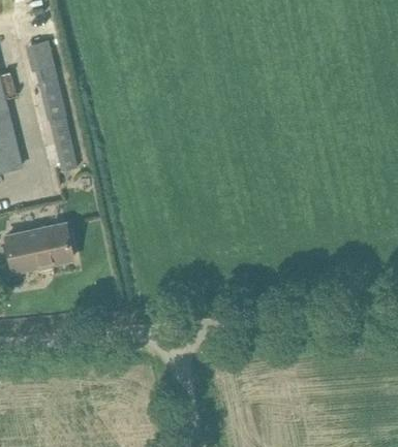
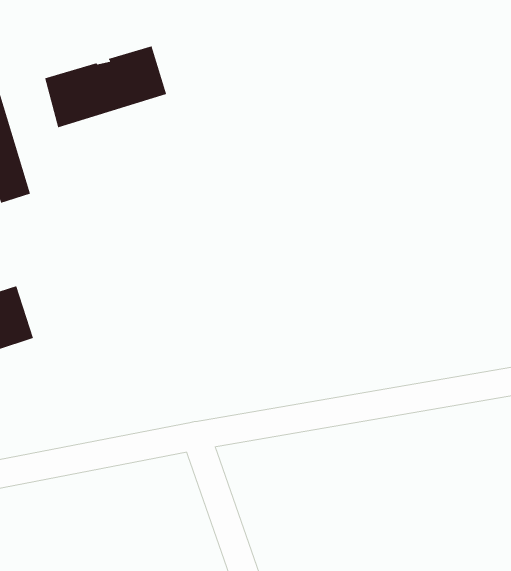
building: none -> [45,45,167,128]

